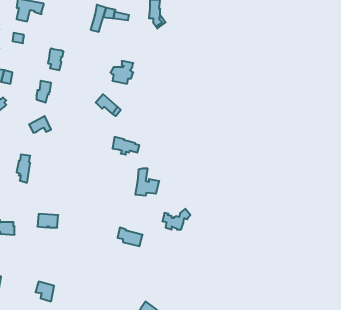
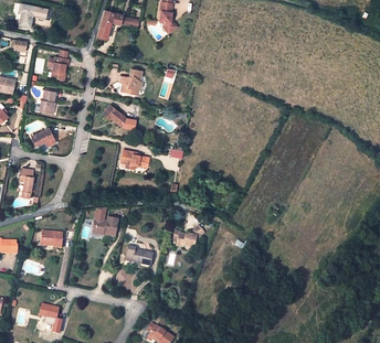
building: [135,169,159,196] -> [93,206,118,235]

